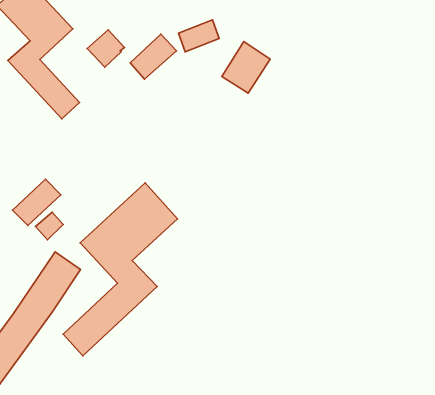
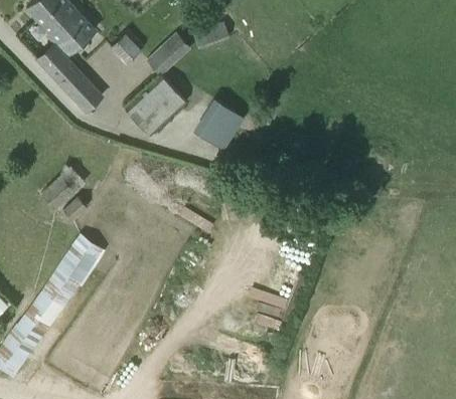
building: [222,41,270,93] -> [198,102,243,149]
building: none -> [125,76,186,137]
building: [63,183,178,356] -> none

